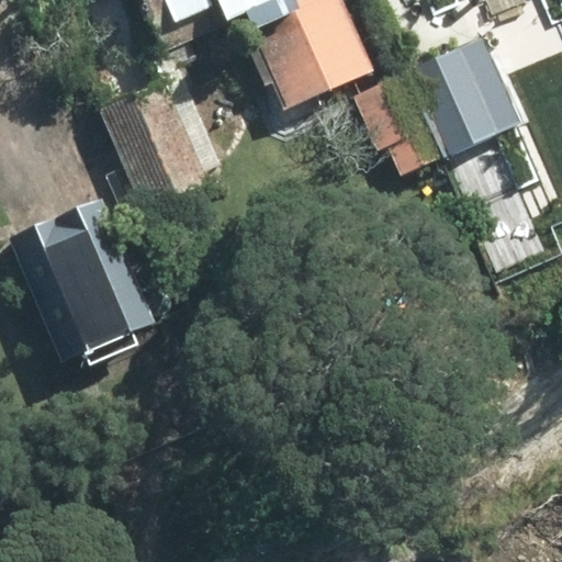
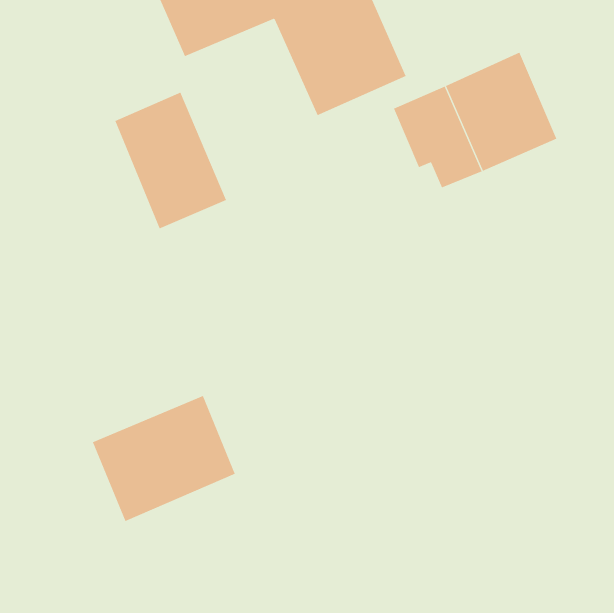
building: [14,203,153,360] -> none
building: none -> [92,395,235,522]

